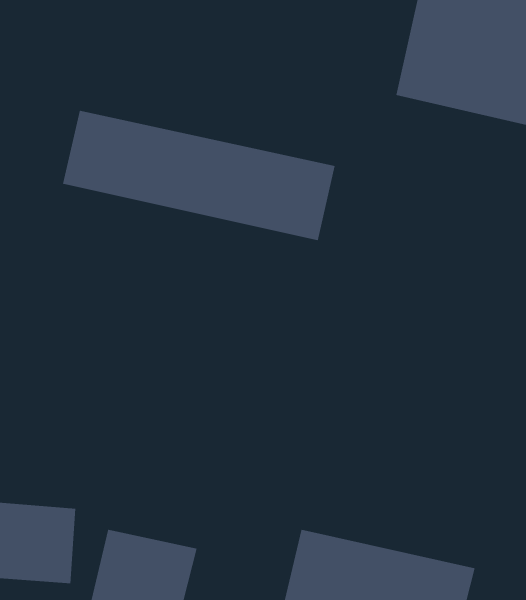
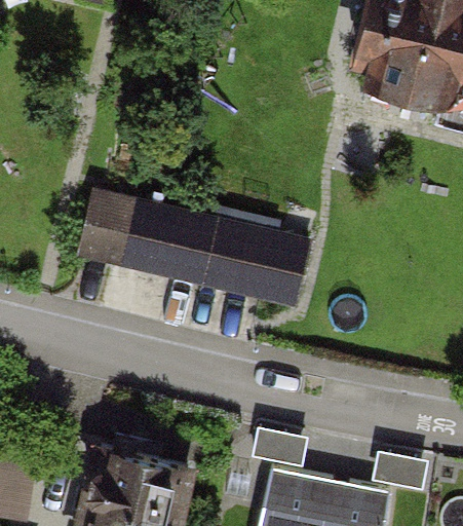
building: [62,110,335,241] -> [84,197,315,308]

